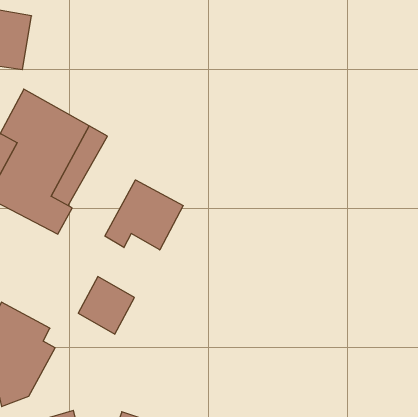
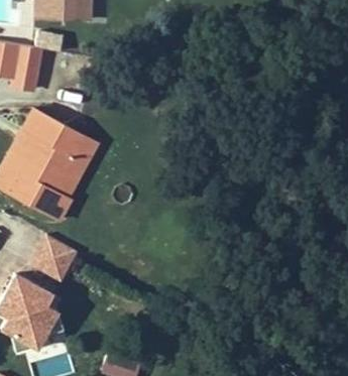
building: [105,180,183,250] -> none
building: [78,277,134,334] -> [32,237,76,281]

